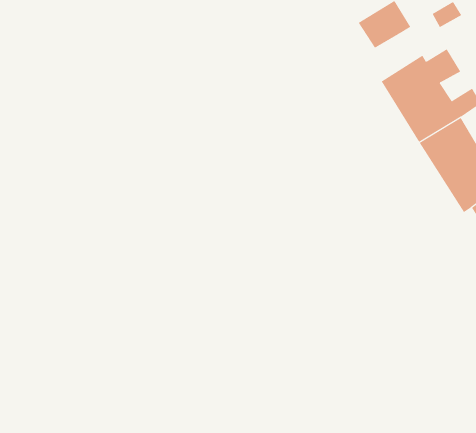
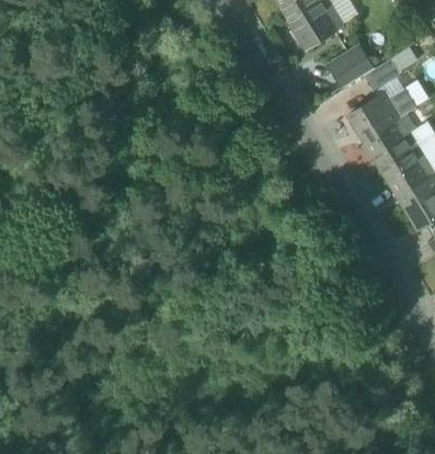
building: none -> [364,59,401,92]

